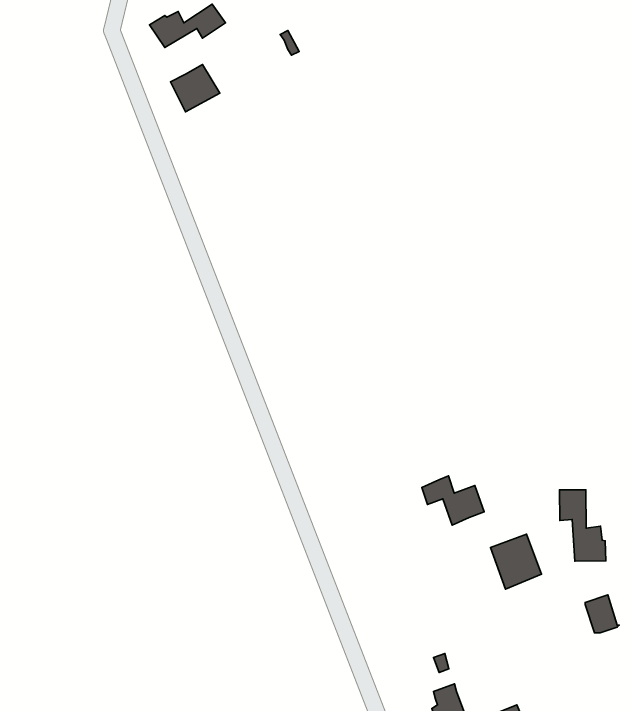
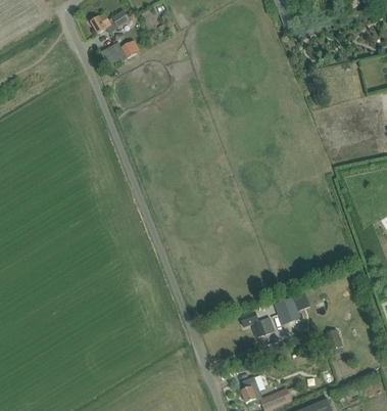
building: [422,476,484,525] -> [241,311,275,337]
building: [560,490,606,561] -> none

